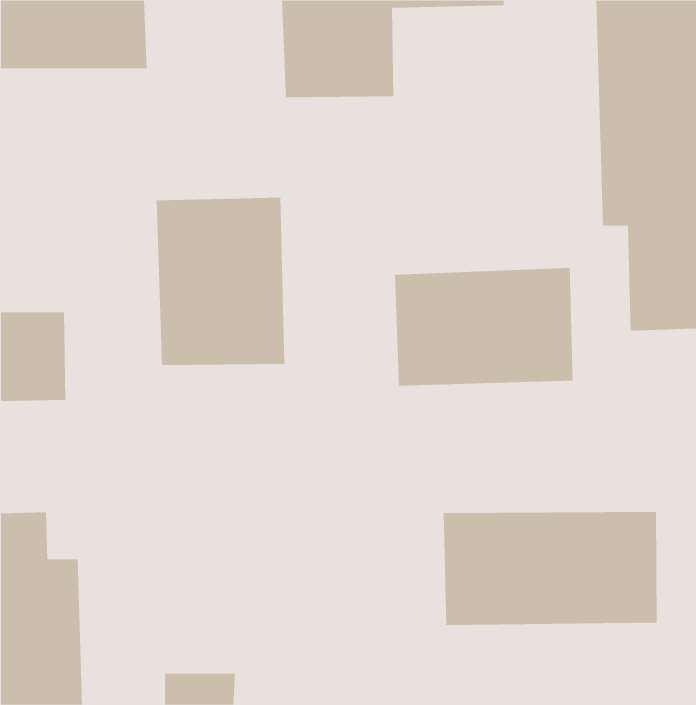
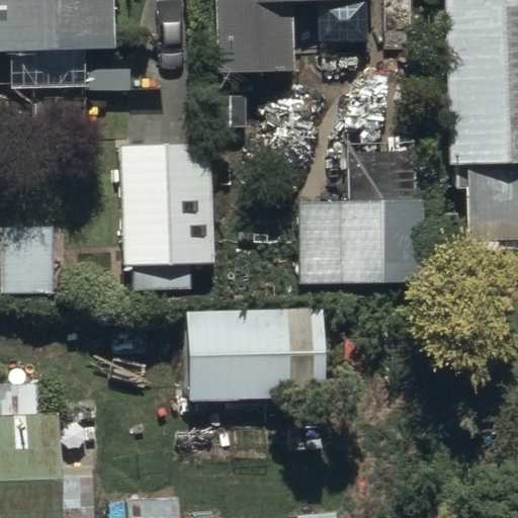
building: none -> [187,310,327,401]
building: [443,511,657,626] -> none

